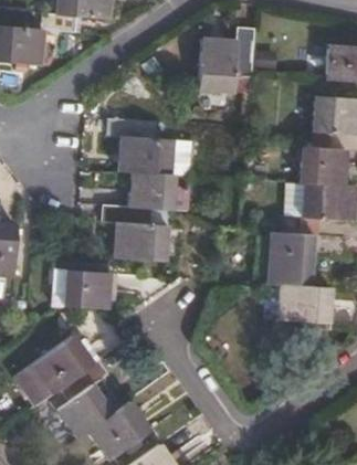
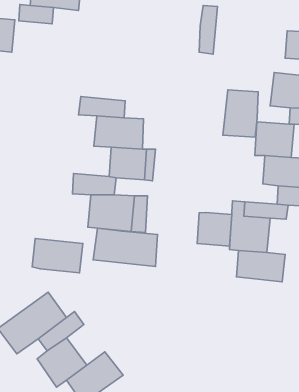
building: [198,38,237,89] -> [223,90,258,137]
building: none -> [197,213,232,246]
building: none -> [93,228,157,267]

